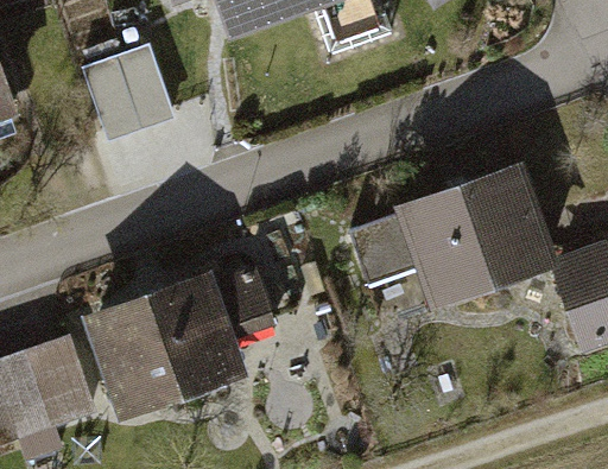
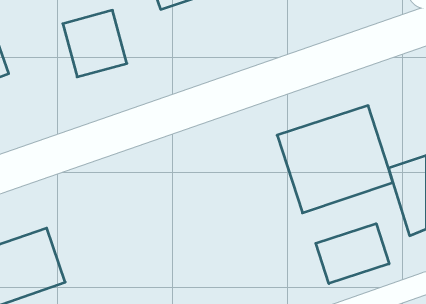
building: [84,272,239,419] -> none
building: none -> [316,224,389,284]

